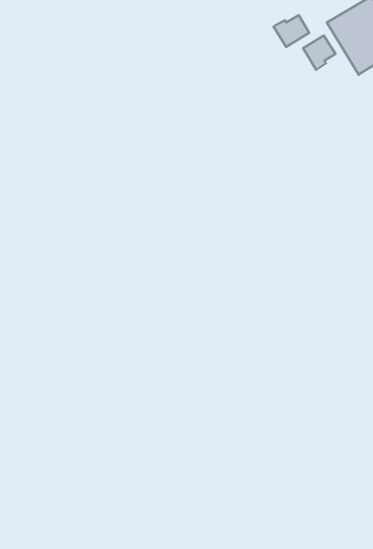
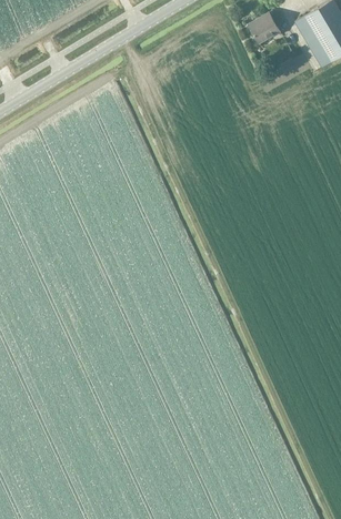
building: [303,36,336,70] -> none

